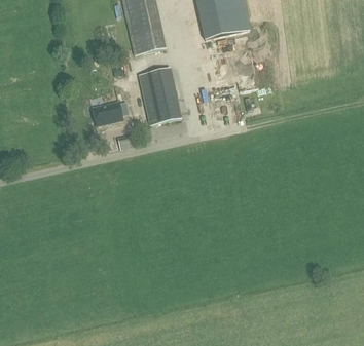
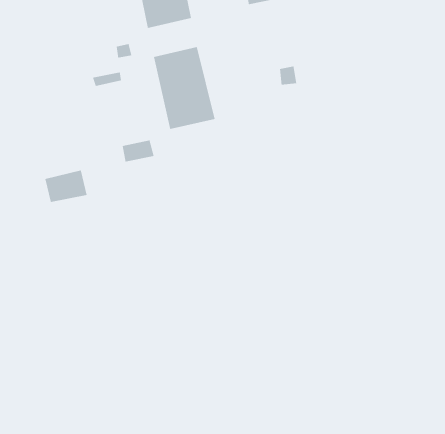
building: [93,101,122,123] -> [44,170,87,202]

